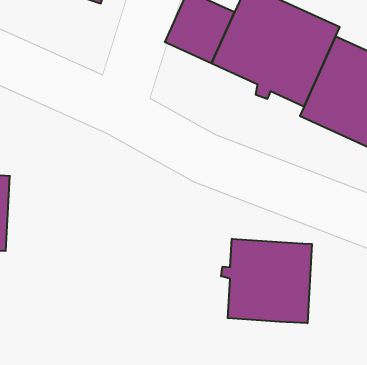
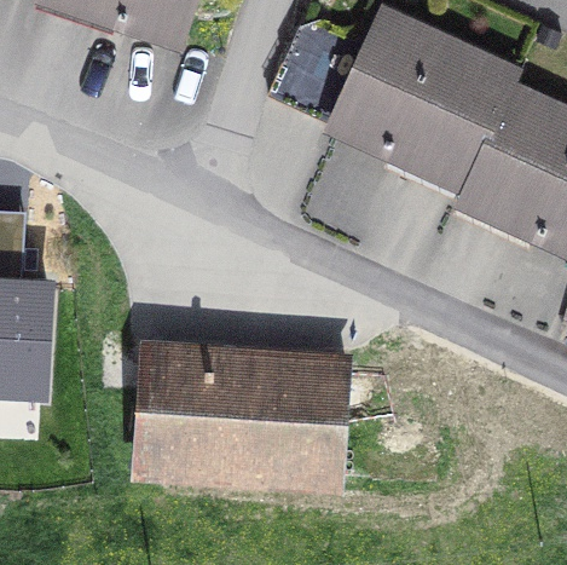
building: none -> [137,354,348,472]
building: [221,239,312,323] -> none

